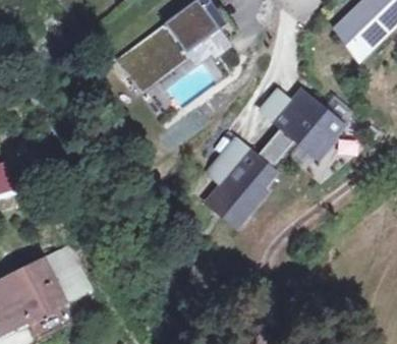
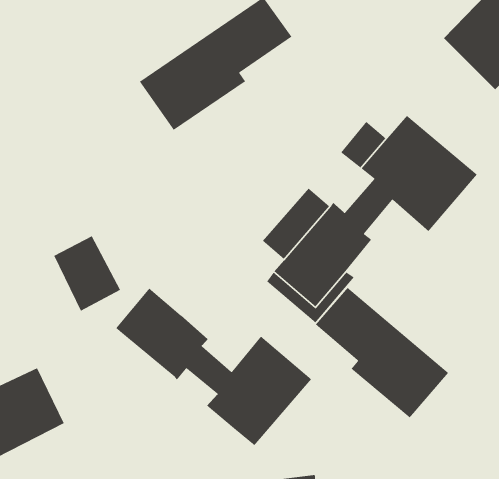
building: none -> [315,287,449,418]
building: none -> [115,287,312,446]
building: [42,247,90,301] -> [53,235,121,312]

